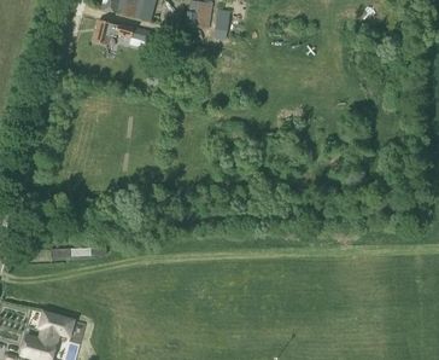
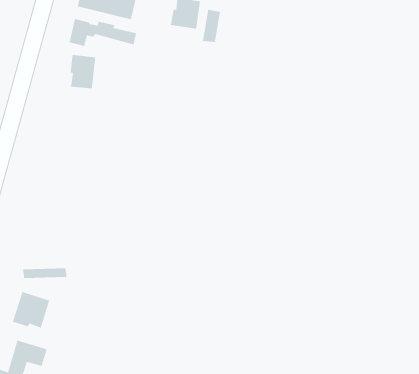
building: none -> [70,54,96,89]
building: none -> [12,291,50,329]

